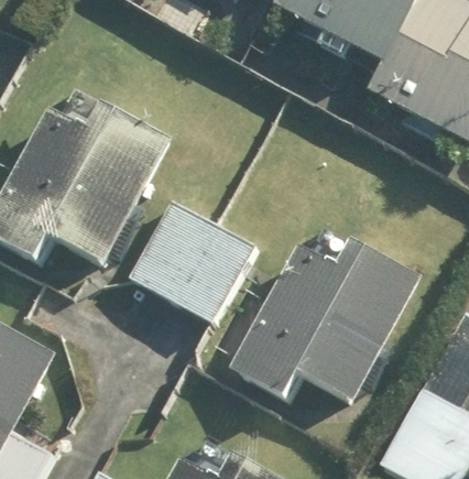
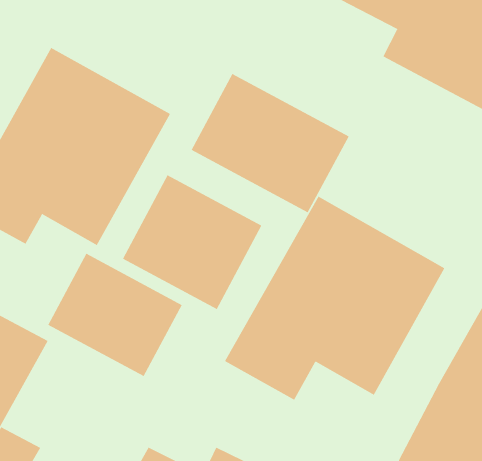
building: none -> [191,73,349,213]
building: none -> [47,253,183,377]

